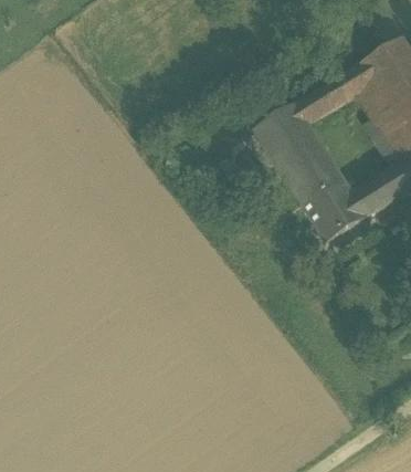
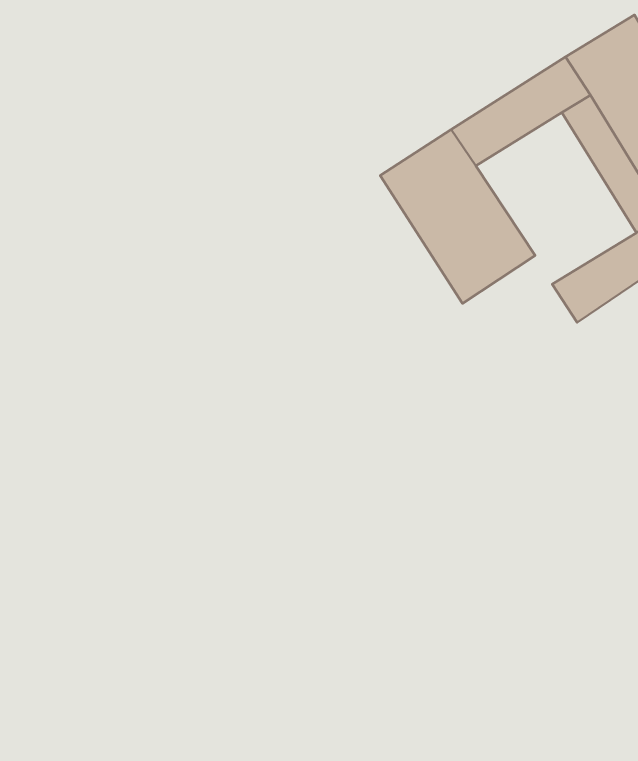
building: [303,177,369,241] -> none

